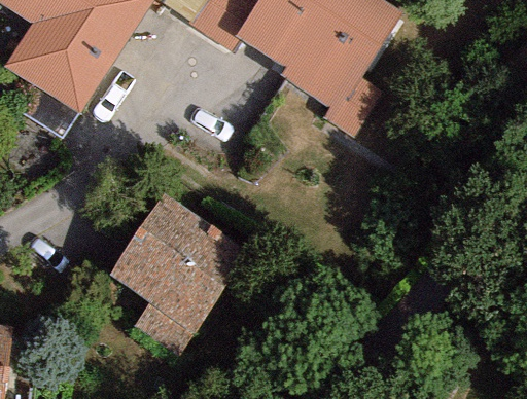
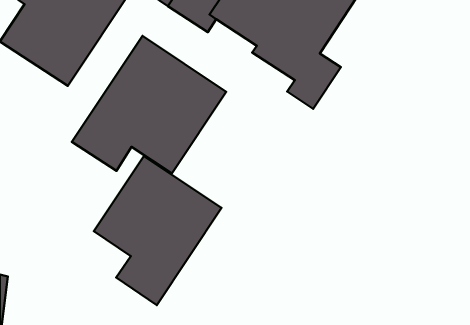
building: none -> [72,36,226,173]

